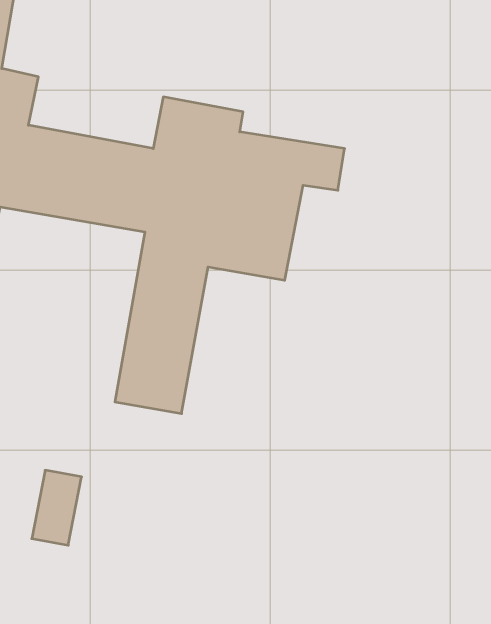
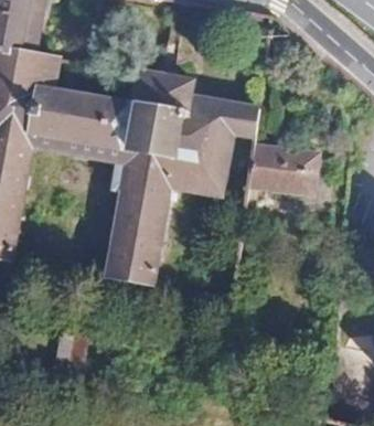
building: none -> [252,143,319,195]

